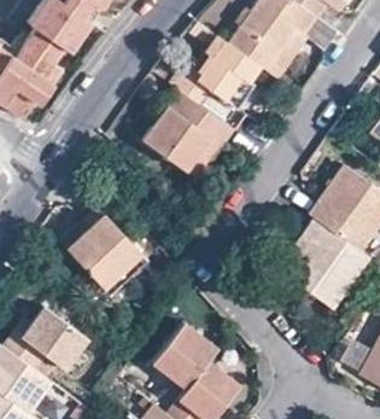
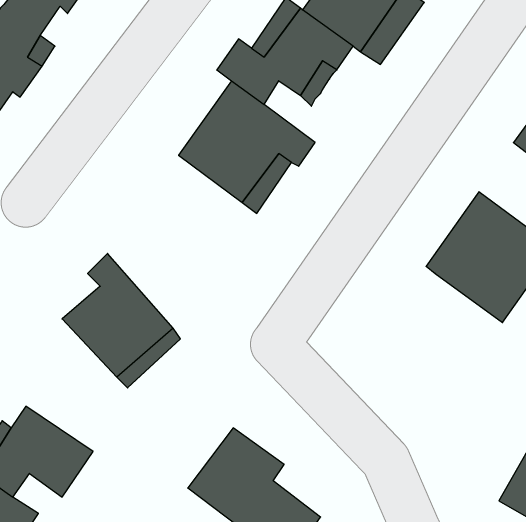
building: [279,221,370,313] -> none

